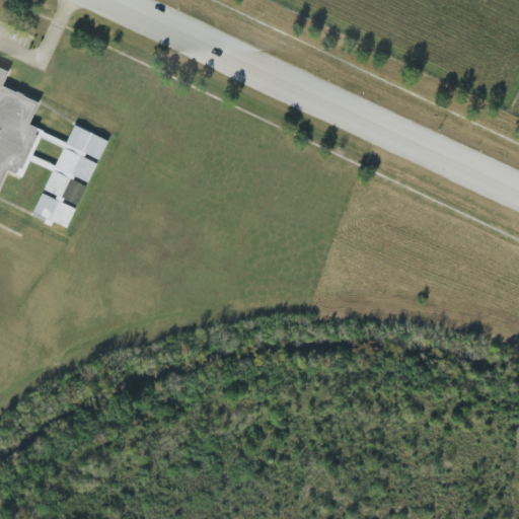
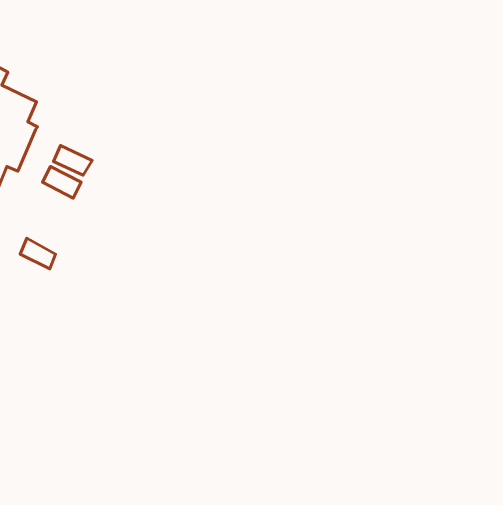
building: [66,127,105,157] -> none
building: [33,193,70,224] -> [20,238,56,269]

